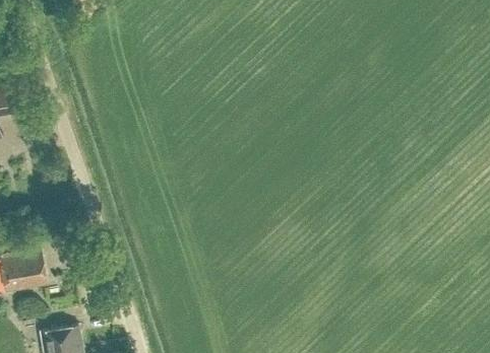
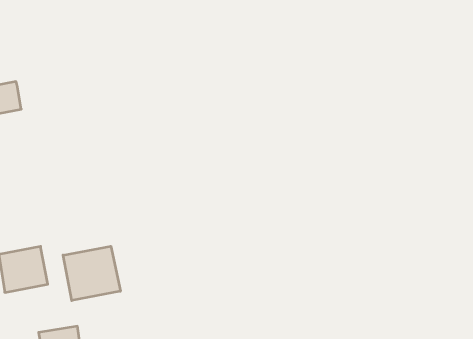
building: none -> [63,246,120,301]

